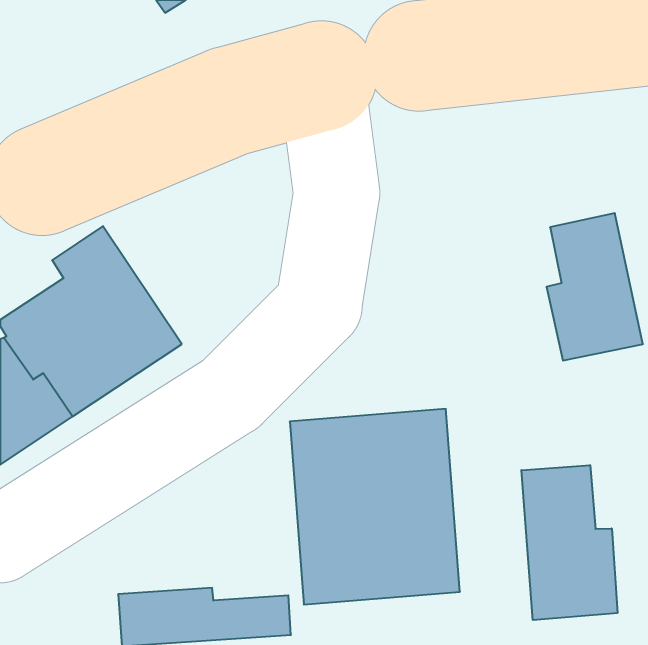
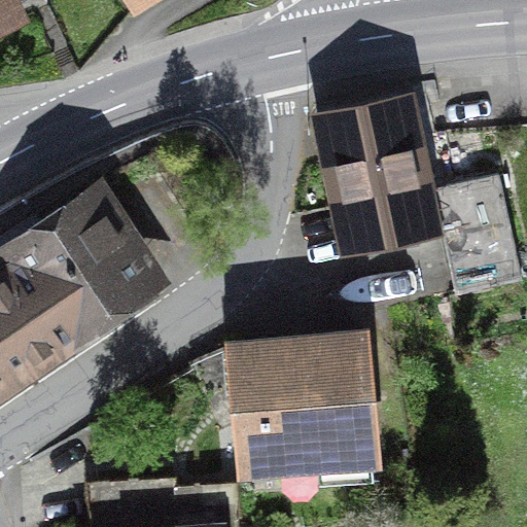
building: none -> [329,105,441,242]
building: [521,465,617,620] -> none

